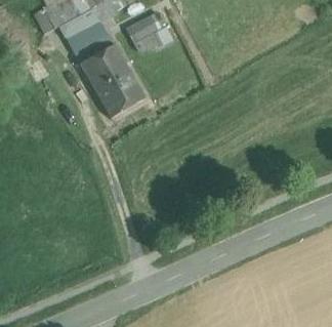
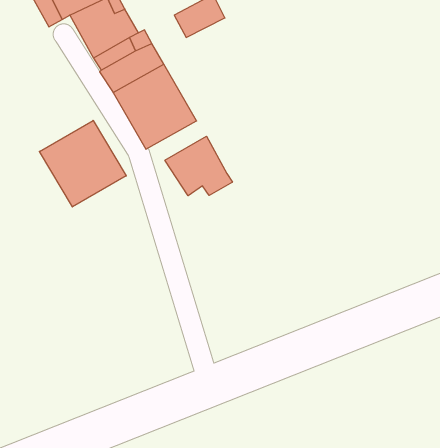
building: none -> [39,120,126,207]
building: none -> [165,136,232,196]

